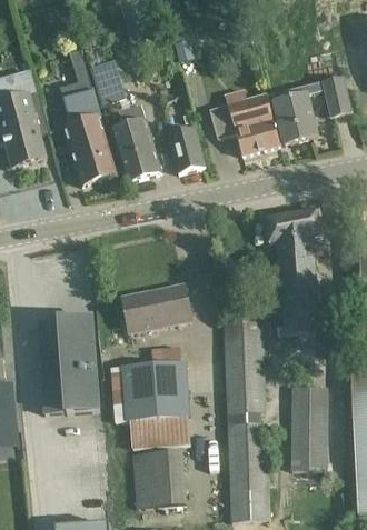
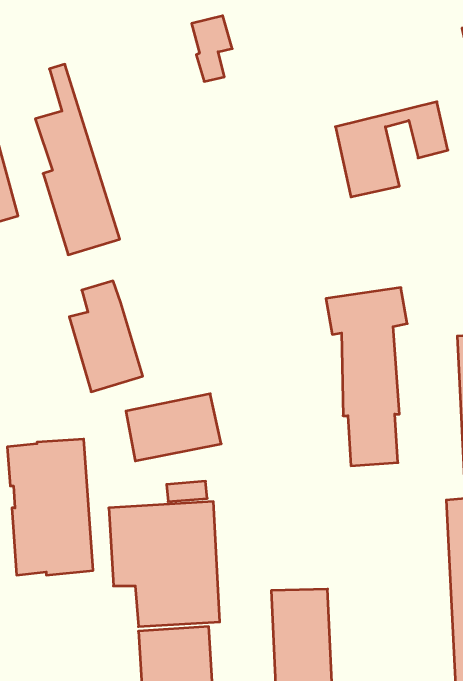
building: [89,59,125,106] -> none
building: [208,89,280,154] -> none
building: [109,103,161,182] -> [69,281,143,392]
building: [167,126,205,172] -> none
building: [222,320,266,414] -> none
building: [290,386,327,469] -> none

